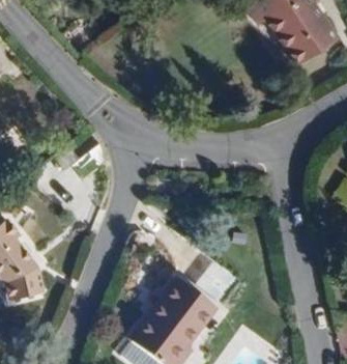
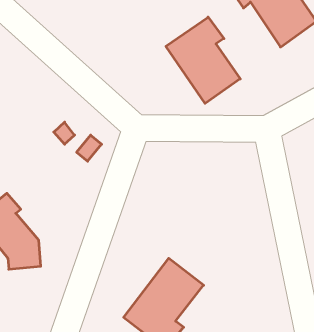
building: none -> [166,17,240,103]

